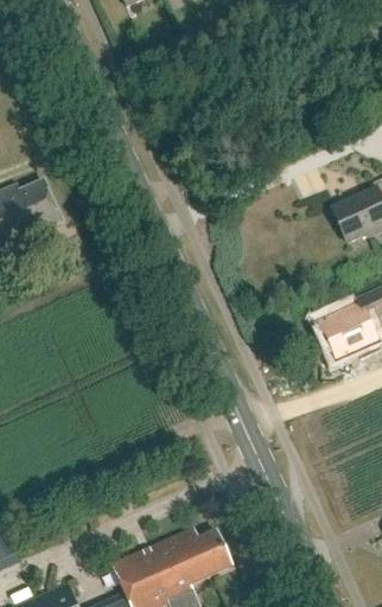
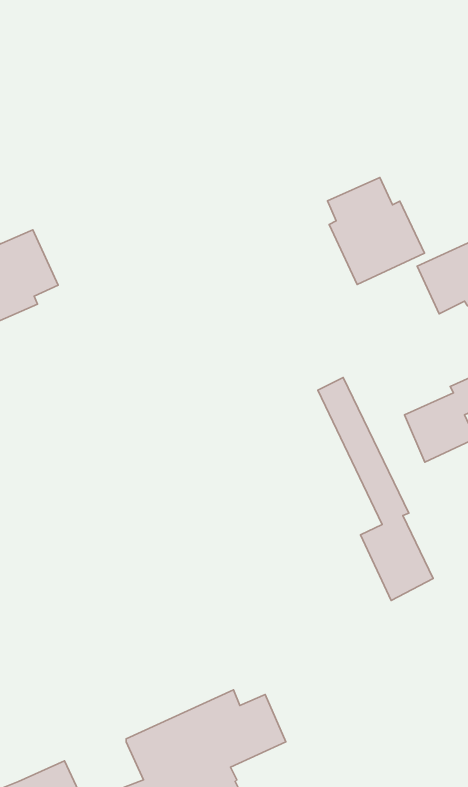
building: none -> [328,178,424,284]
building: none -> [318,377,433,600]

